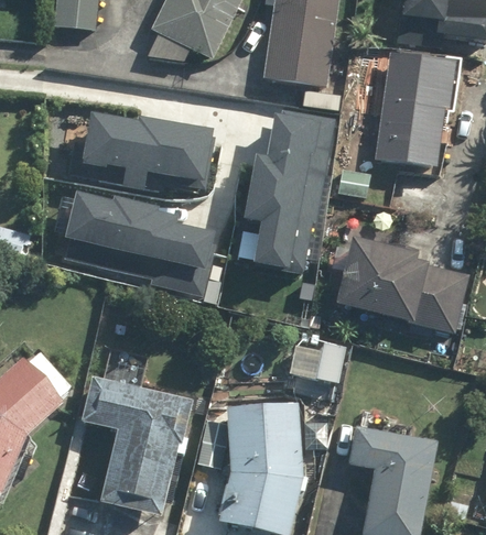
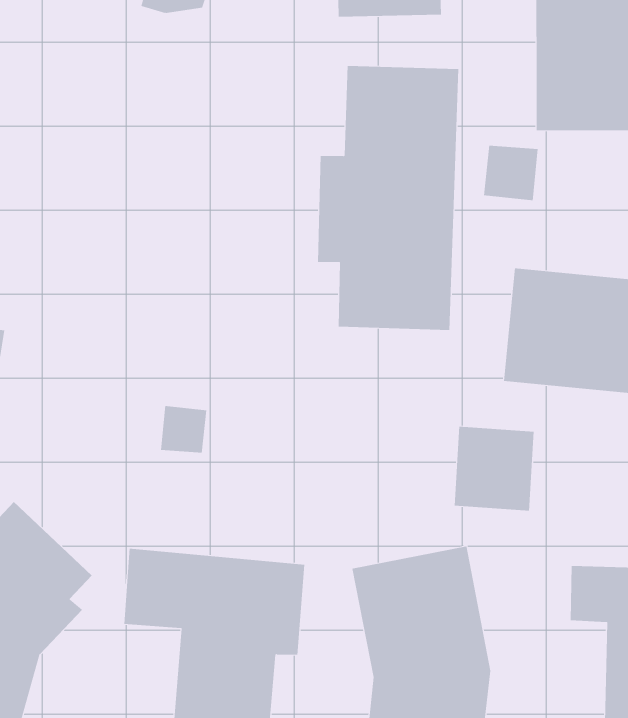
building: [77,113,215,184] -> none
building: [58,190,216,296] -> none

